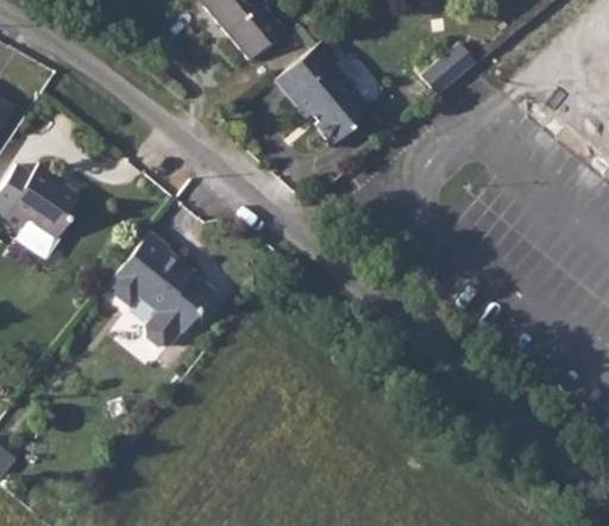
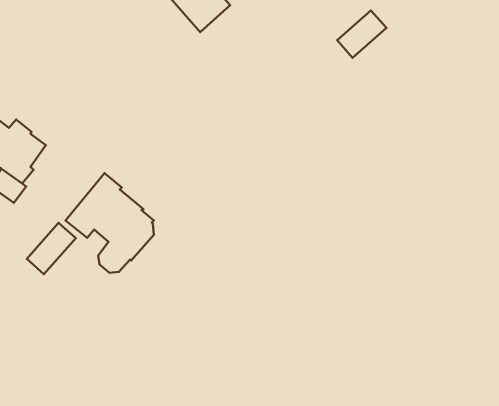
building: [287,38,382,148] -> none
building: none -> [27,223,76,274]

